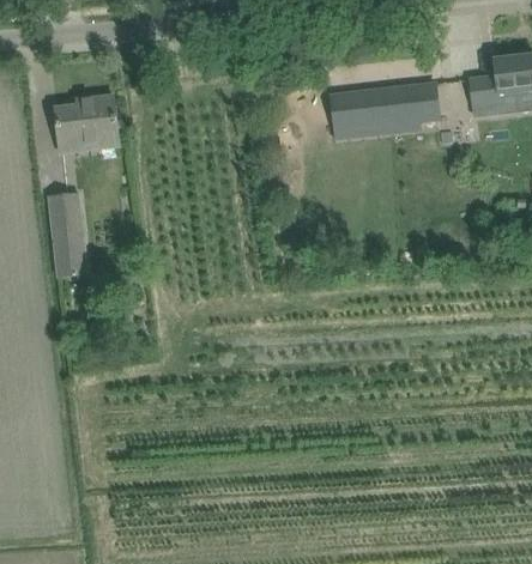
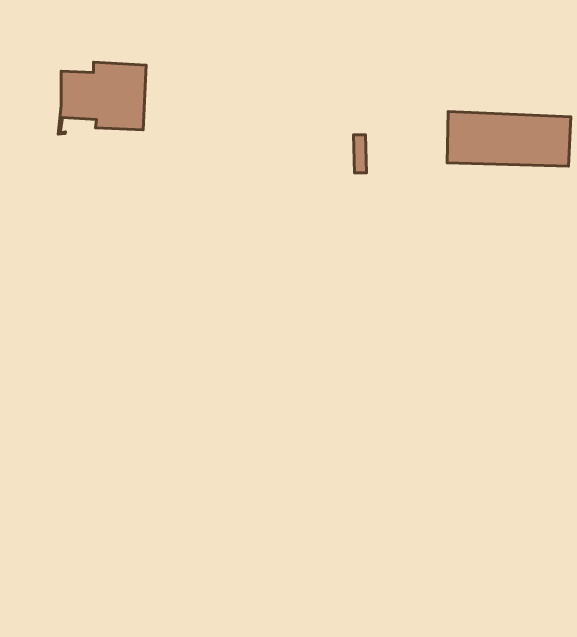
building: [49,194,86,278] -> none

